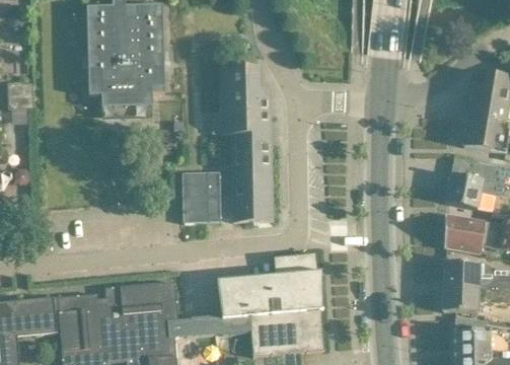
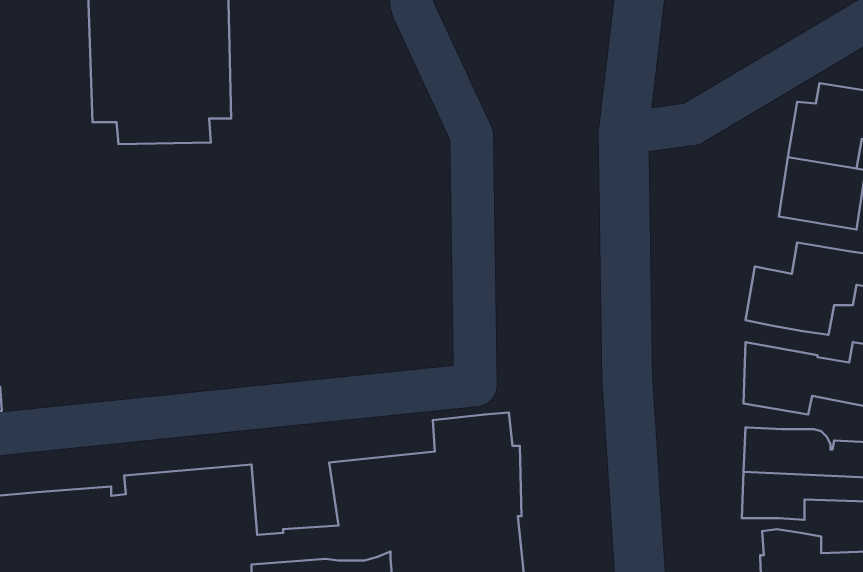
building: [220,65,273,221] -> none
building: [181,171,220,221] -> none

